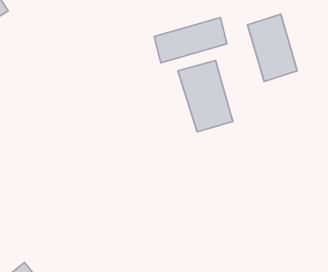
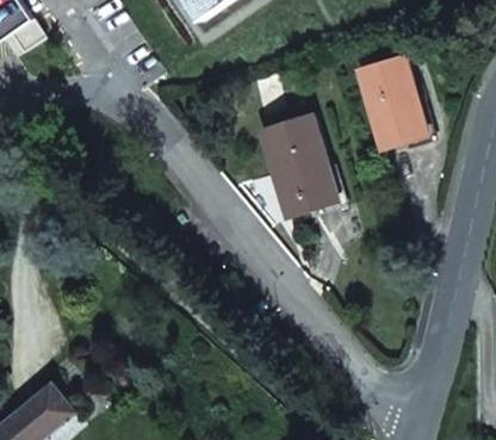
building: [154,17,227,63] -> none

